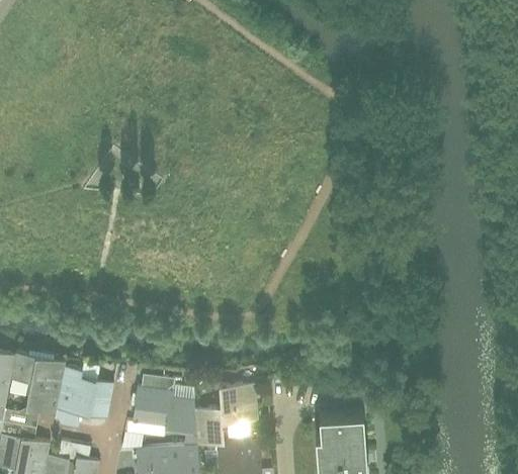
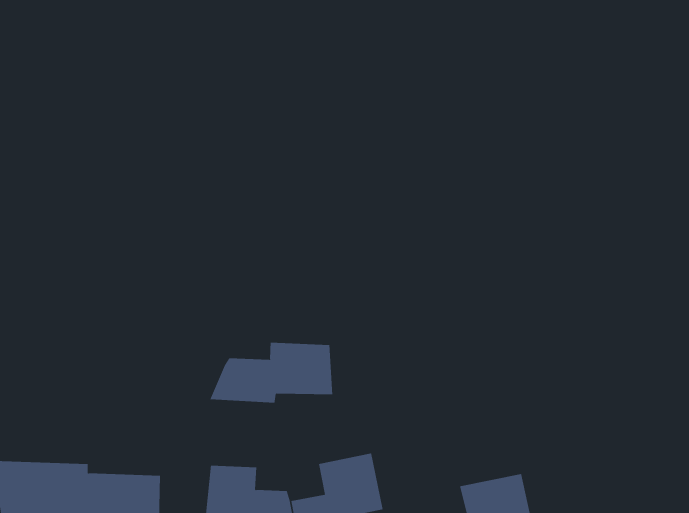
building: none -> [209,342,333,403]

